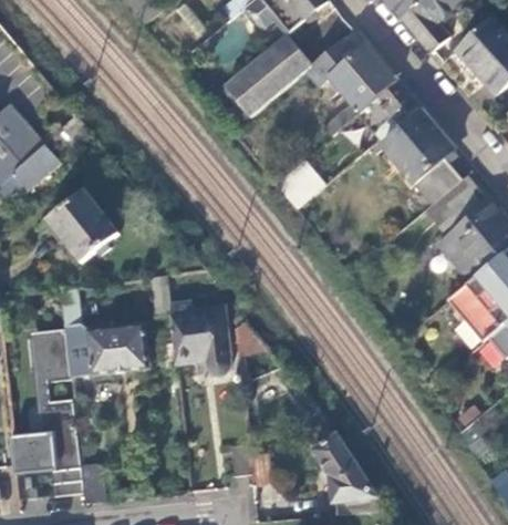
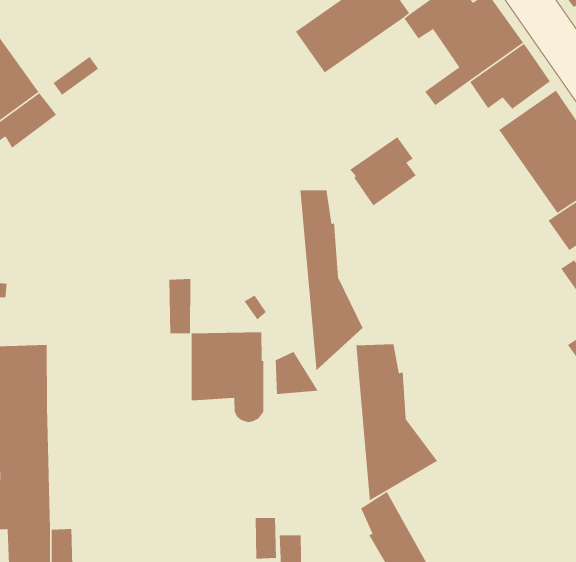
building: [49,192,117,260] -> none
building: none -> [300,189,363,372]
building: [62,285,148,378] -> none
building: none -> [355,343,438,501]

